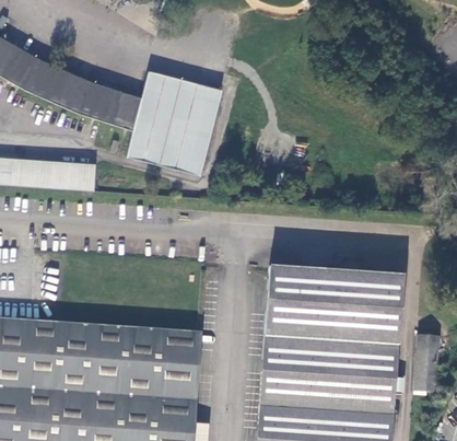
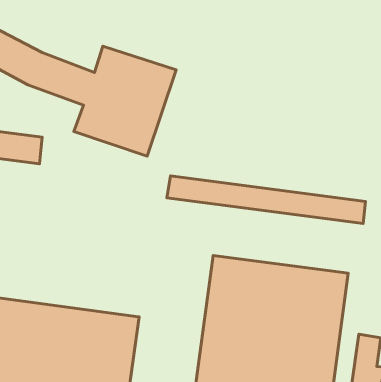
building: none -> [167,176,366,224]

